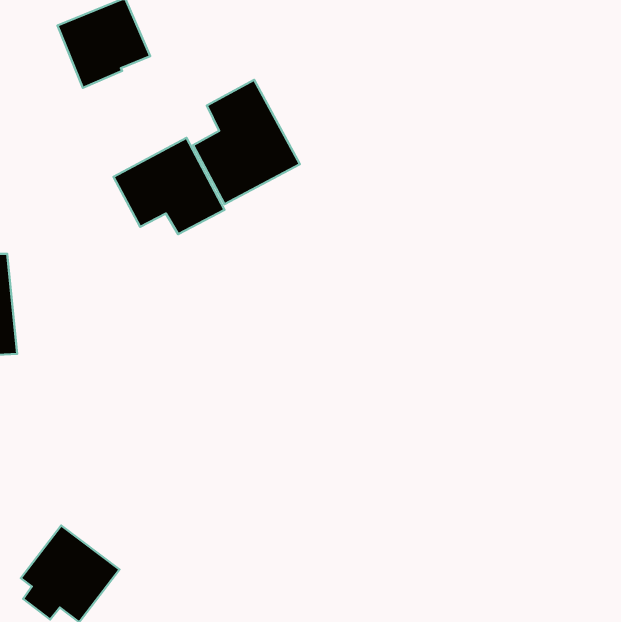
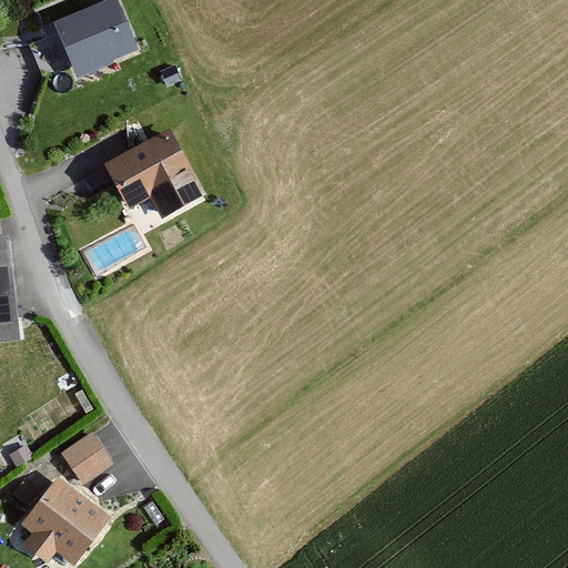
building: [193,80,300,204] -> none
building: none -> [58,432,112,486]

